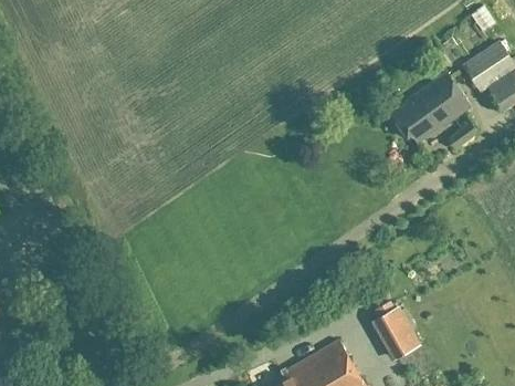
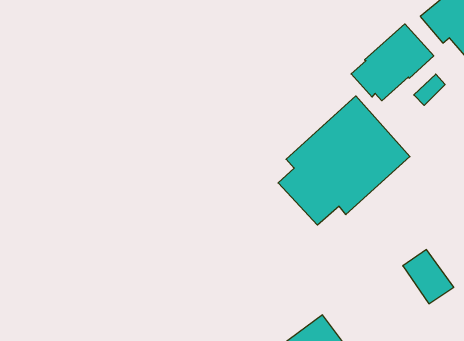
building: none -> [278,96,410,225]
building: [372,300,419,352] -> [403,250,454,304]

